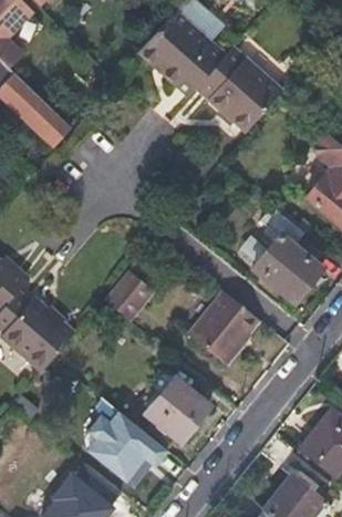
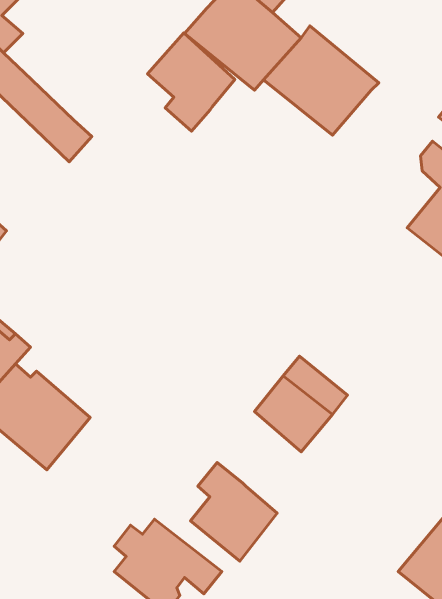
building: none -> [147,33,235,131]
building: [252,206,322,301] -> none
building: [103,269,153,320] -> none

